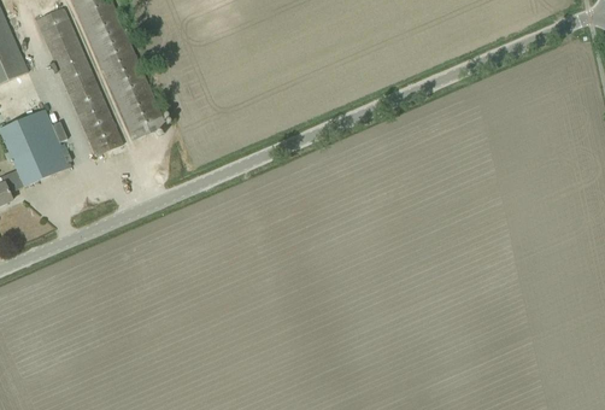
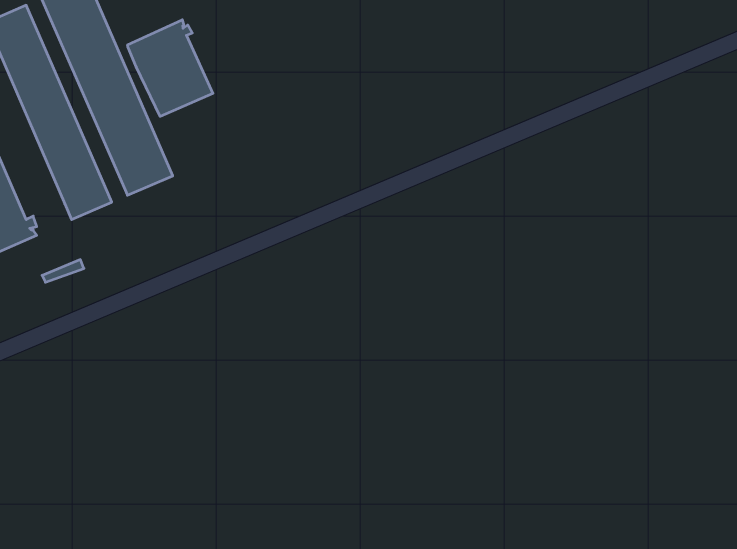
building: none -> [128,20,213,116]

